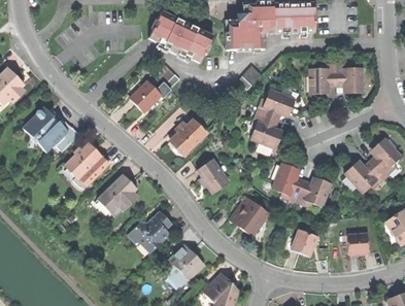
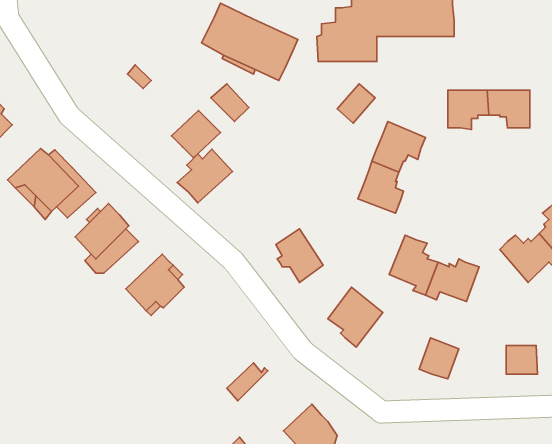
building: [170,118,206,154] -> [177,149,232,203]
building: [128,211,171,253] -> none
building: [176,251,204,280] -> none

